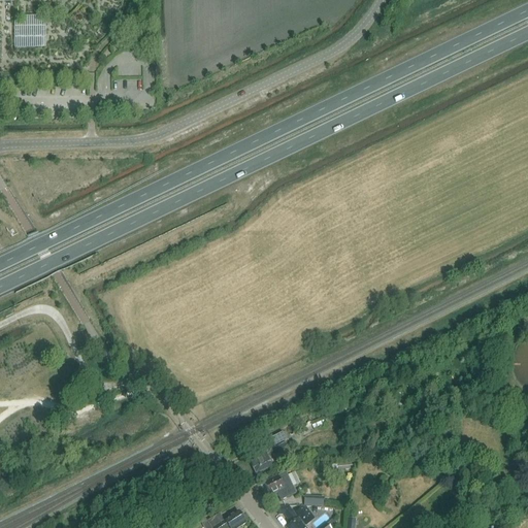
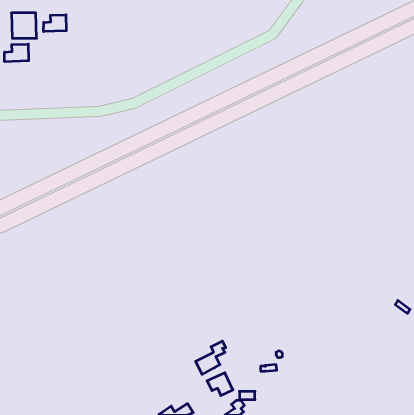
building: none -> [44,15,66,32]
building: none -> [5,44,29,62]

